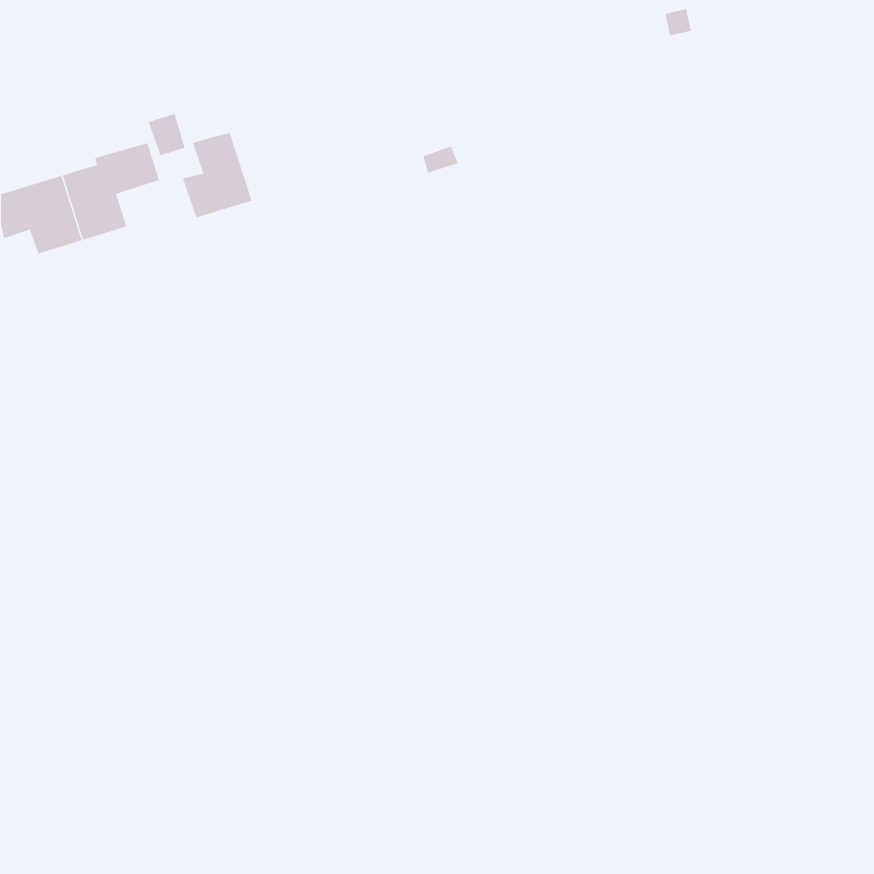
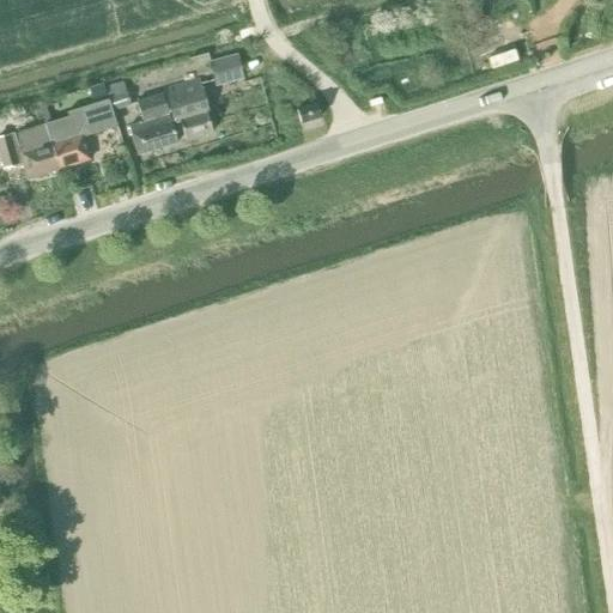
building: none -> [210,51,245,86]
building: none -> [166,79,213,138]

